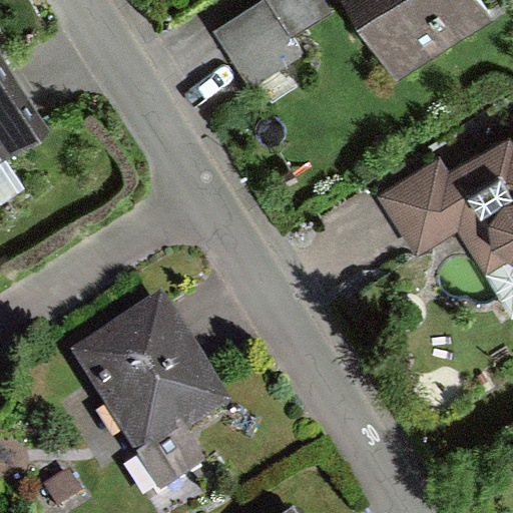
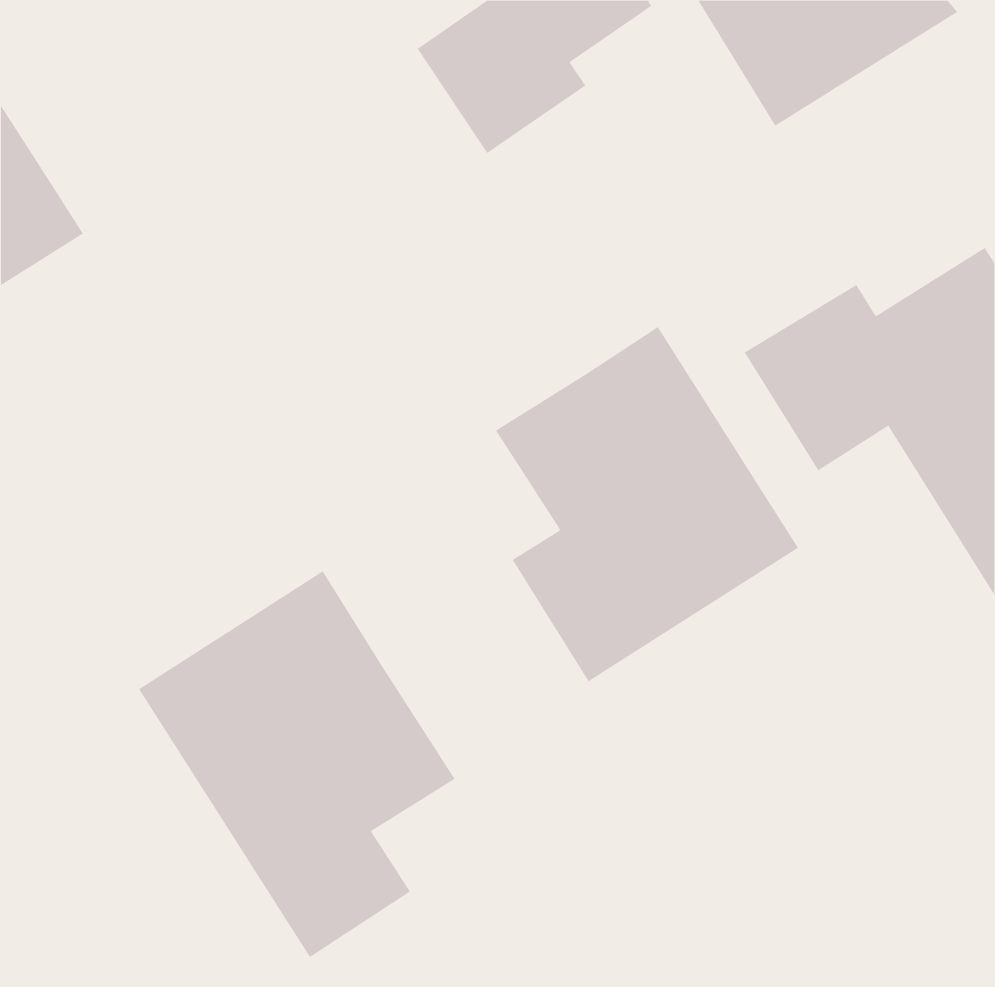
building: none -> [495,326,799,682]

